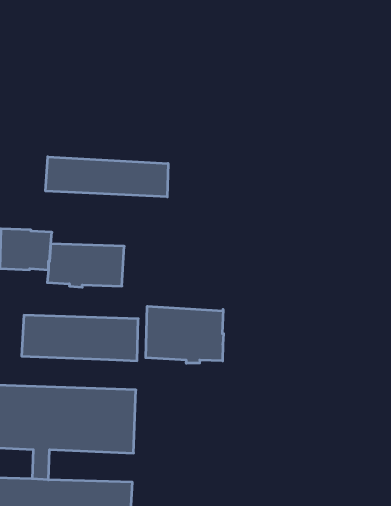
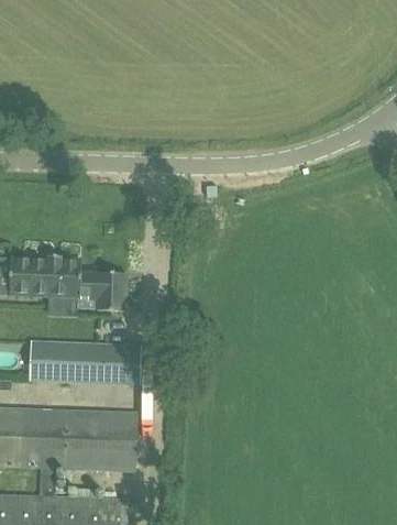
building: [46,157,168,197] -> none
building: [146,306,224,363] -> none

